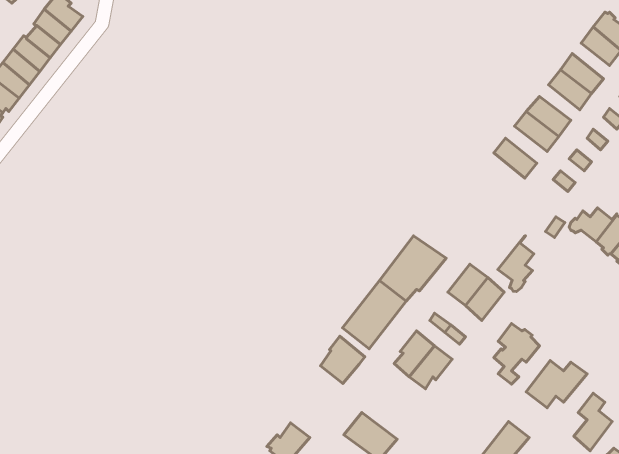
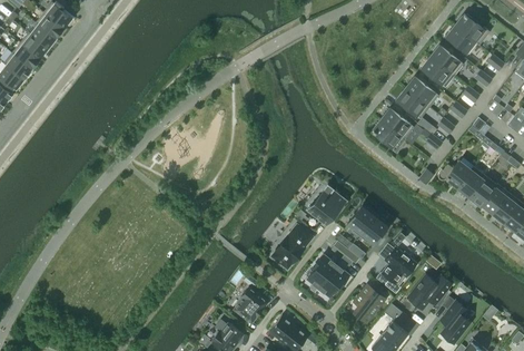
building: none -> [372,120,405,153]
building: [498,236,534,291] -> none
building: [320,336,365,384] -> [234,287,267,323]
building: none -> [352,283,386,324]

